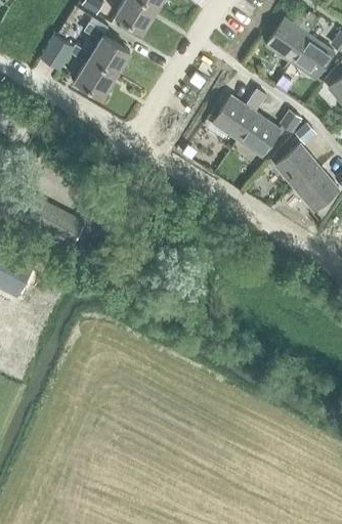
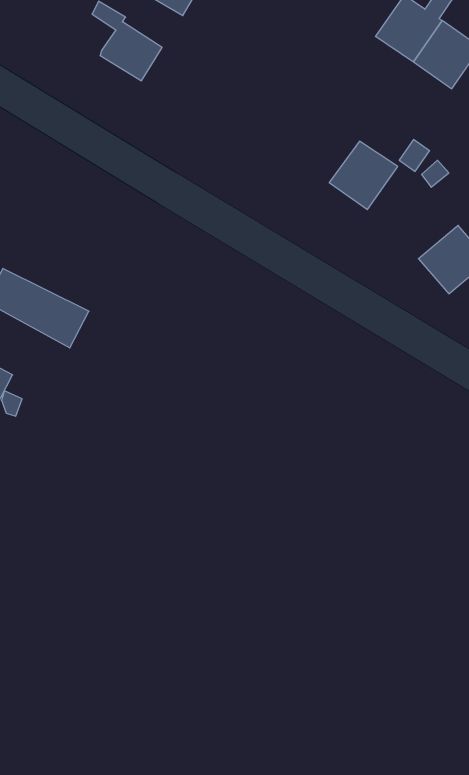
building: [39,35,116,97] -> none
building: [212,89,266,139] -> none
building: [274,144,319,188] -> none

